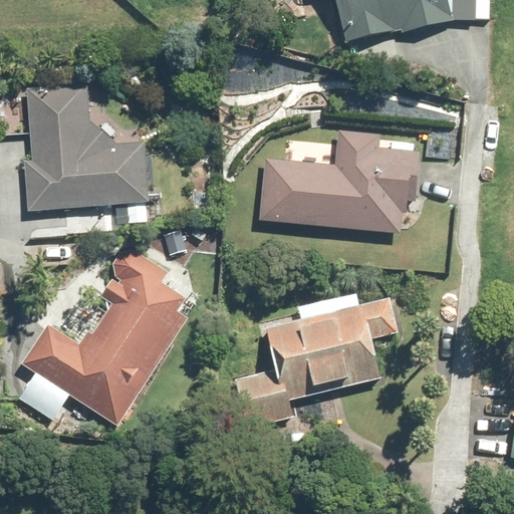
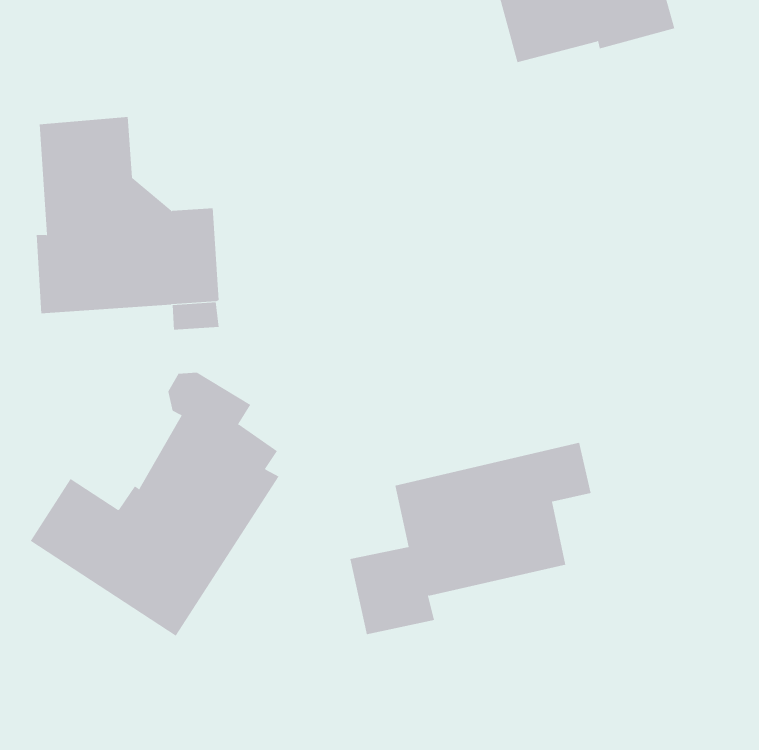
building: [260,126,420,233] -> none

